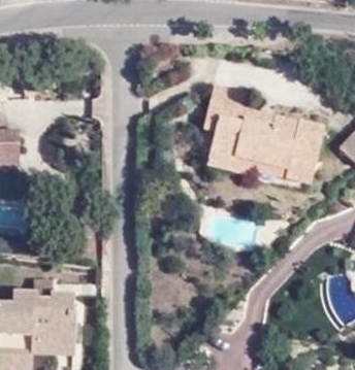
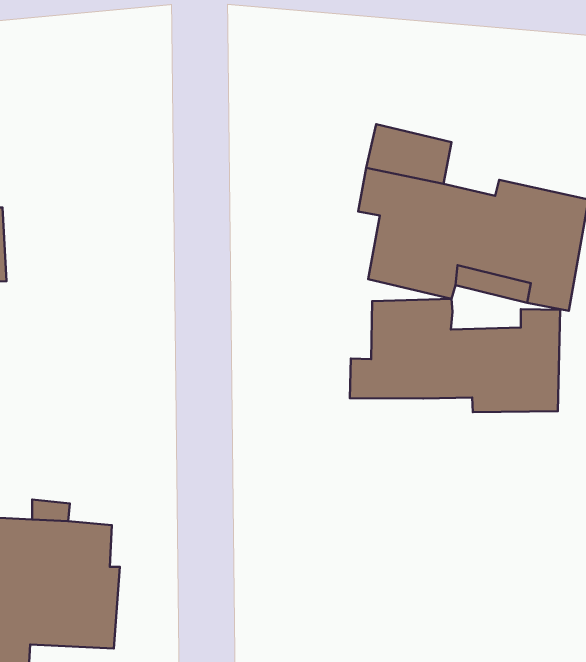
building: none -> [350,299,560,412]

